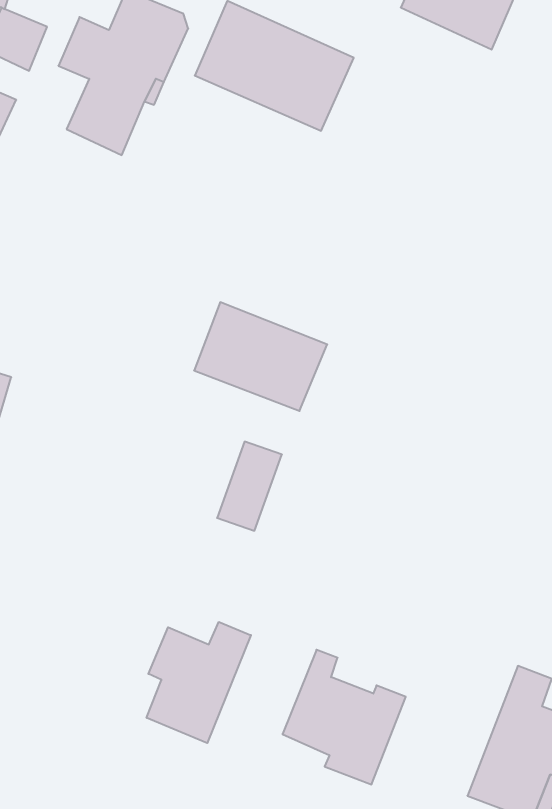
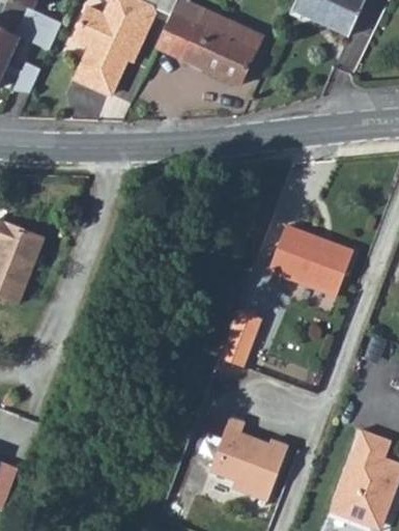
building: [194,302,327,411] -> [270,225,355,295]
building: [217,442,282,531] -> [221,309,262,366]
building: [147,622,251,743] -> none

